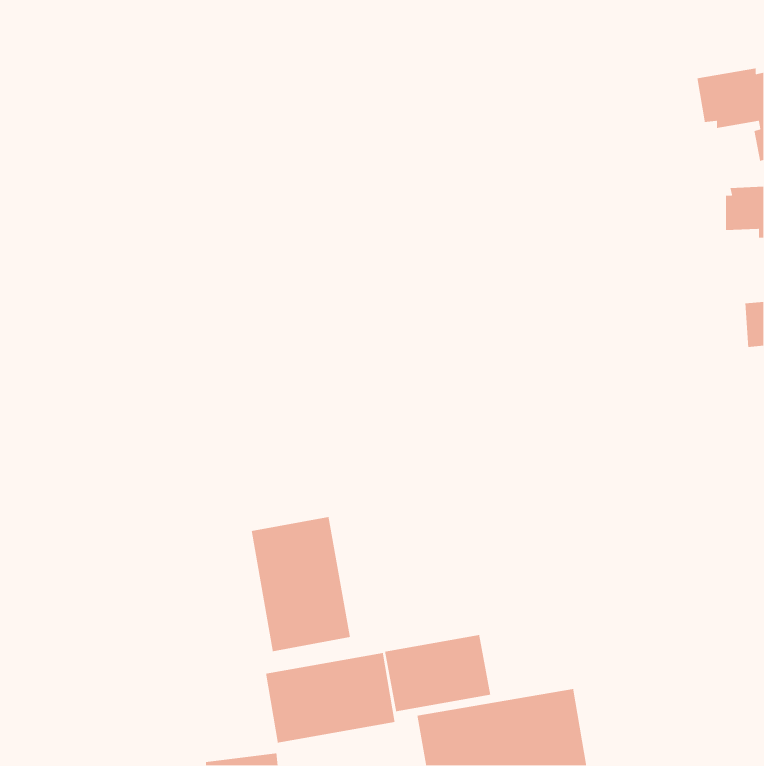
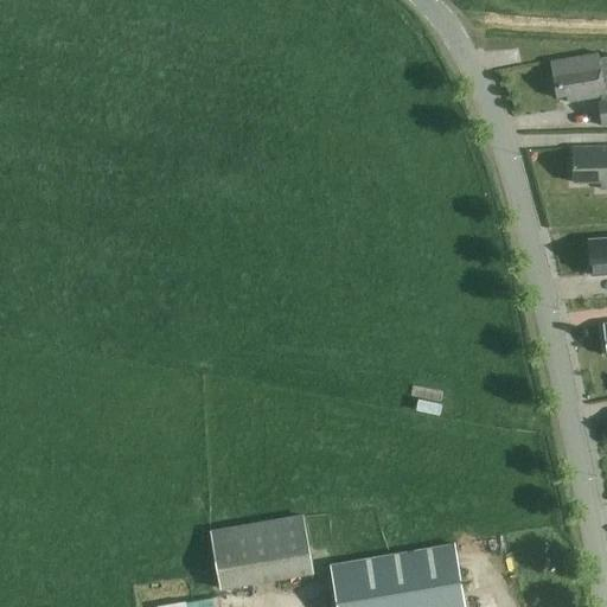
building: [251,516,351,652] -> none
building: [384,634,491,712] -> none

